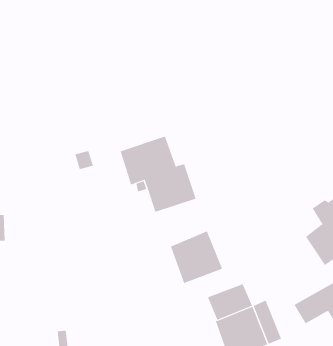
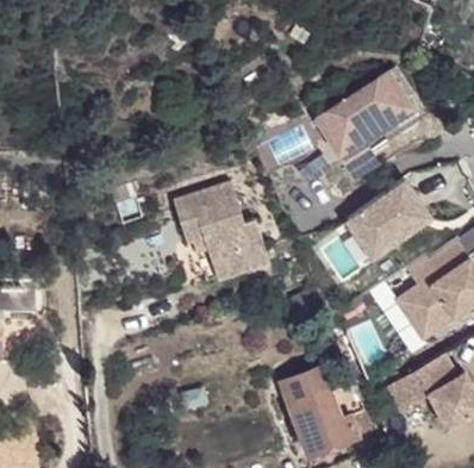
building: none -> [313,68,417,175]
building: none -> [345,182,426,258]
building: [169,231,223,284] -> none

